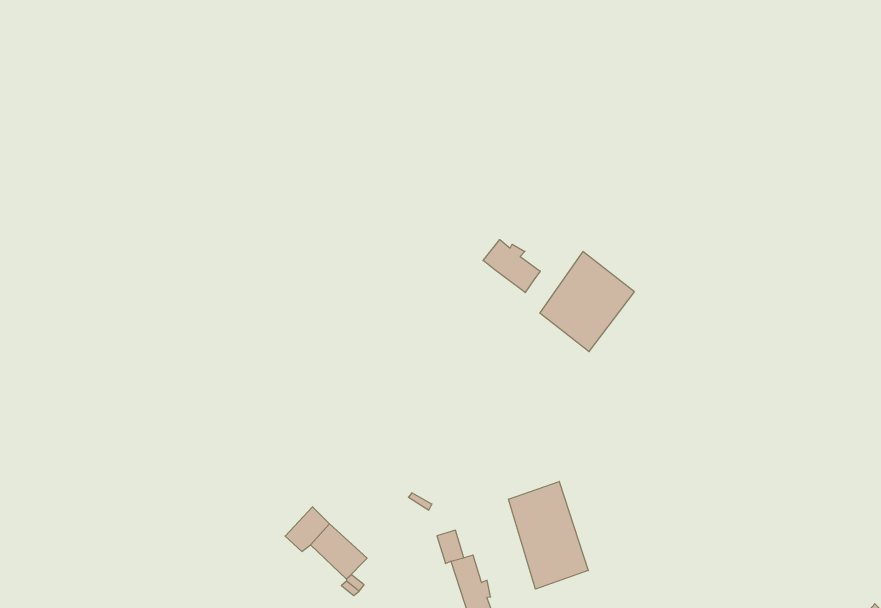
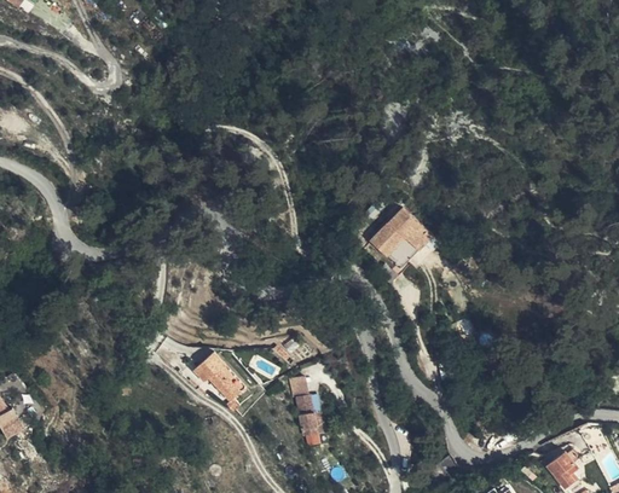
building: [483,240,540,293] -> none
building: [509,481,588,589] -> none

